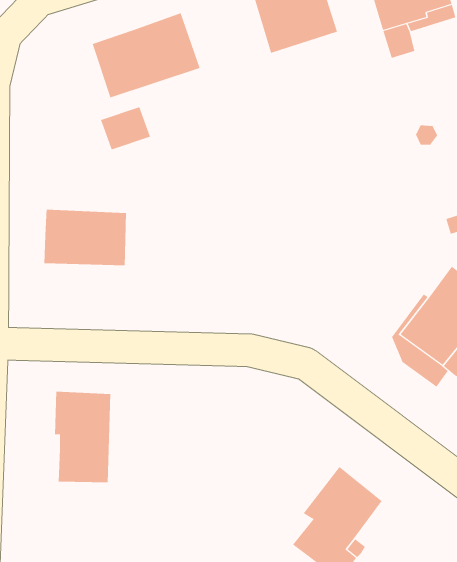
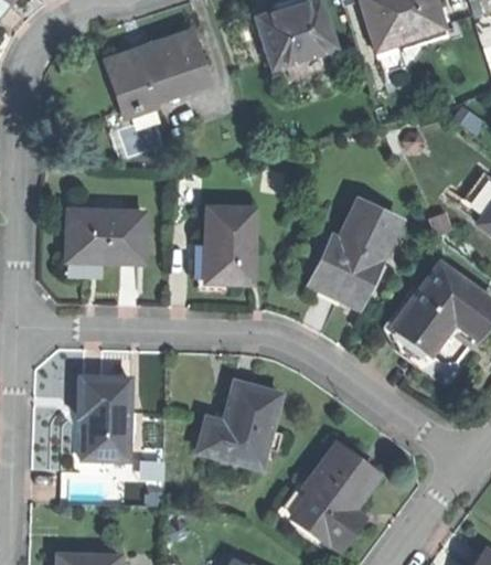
building: none -> [310,198,402,306]
building: none -> [206,205,255,280]
building: none -> [199,382,280,467]

